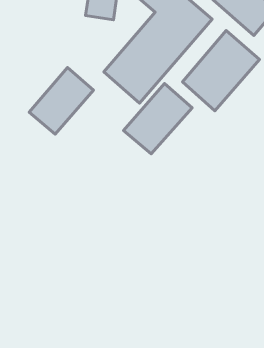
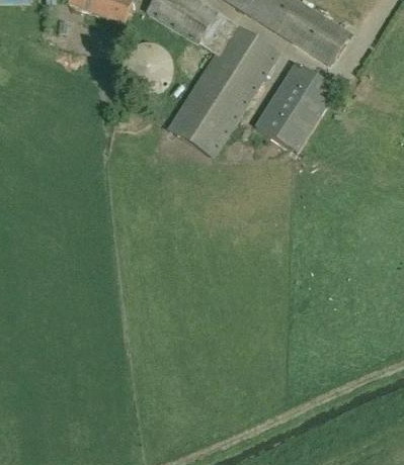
building: [29,68,94,134] -> none
building: [124,83,192,154] -> none

